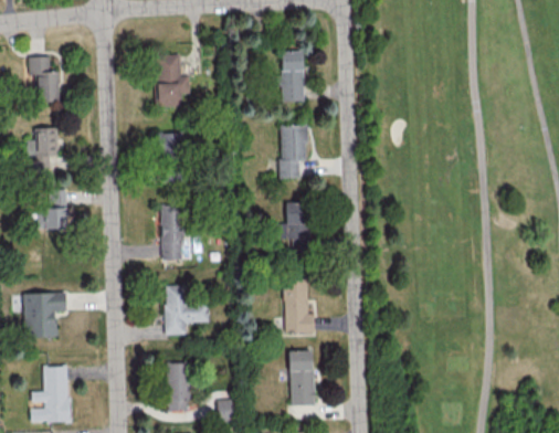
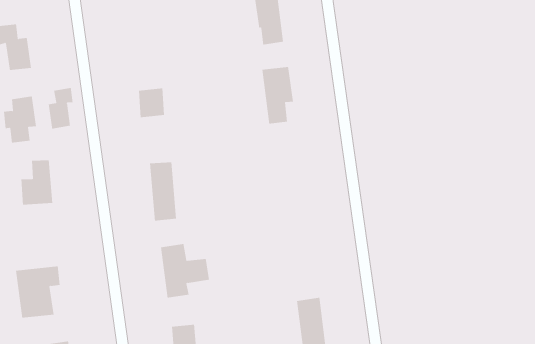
building: [157,55,190,108] -> none
building: none -> [48,87,73,129]
building: [275,203,308,256] -> none
building: [284,278,315,334] -> none

